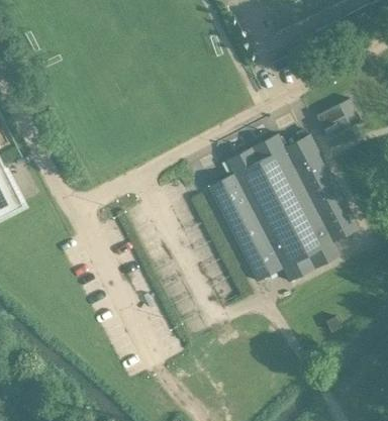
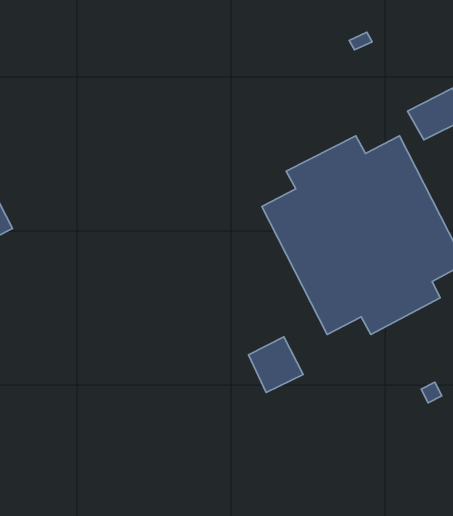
building: none -> [249,337,303,393]

